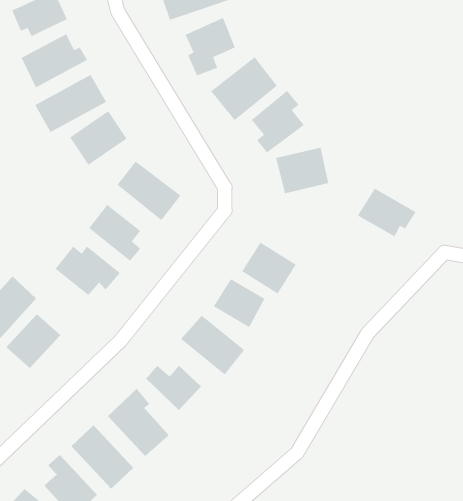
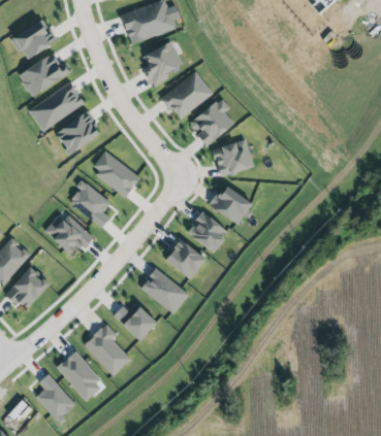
building: [357,188,416,238] -> [210,186,255,224]

